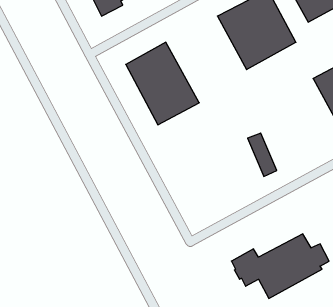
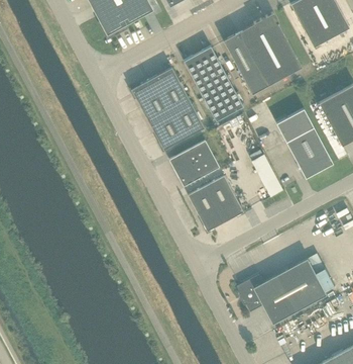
building: none -> [184,47,243,121]
building: none -> [276,109,333,178]
building: none -> [168,141,220,187]
building: none -> [188,176,243,232]

